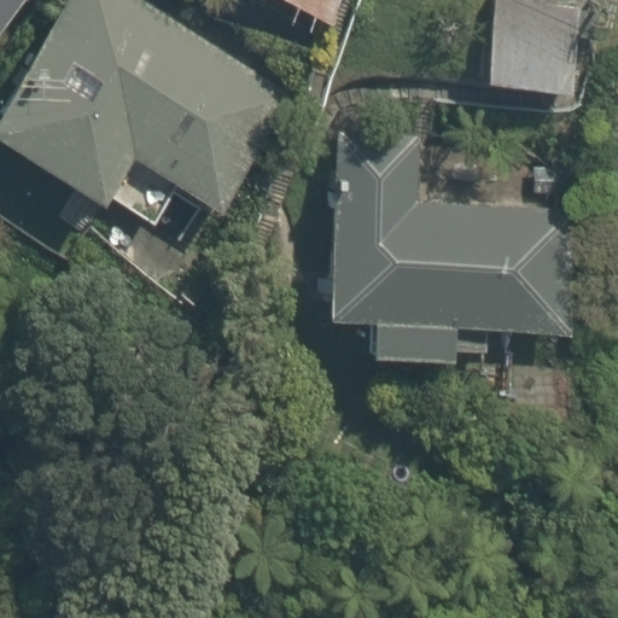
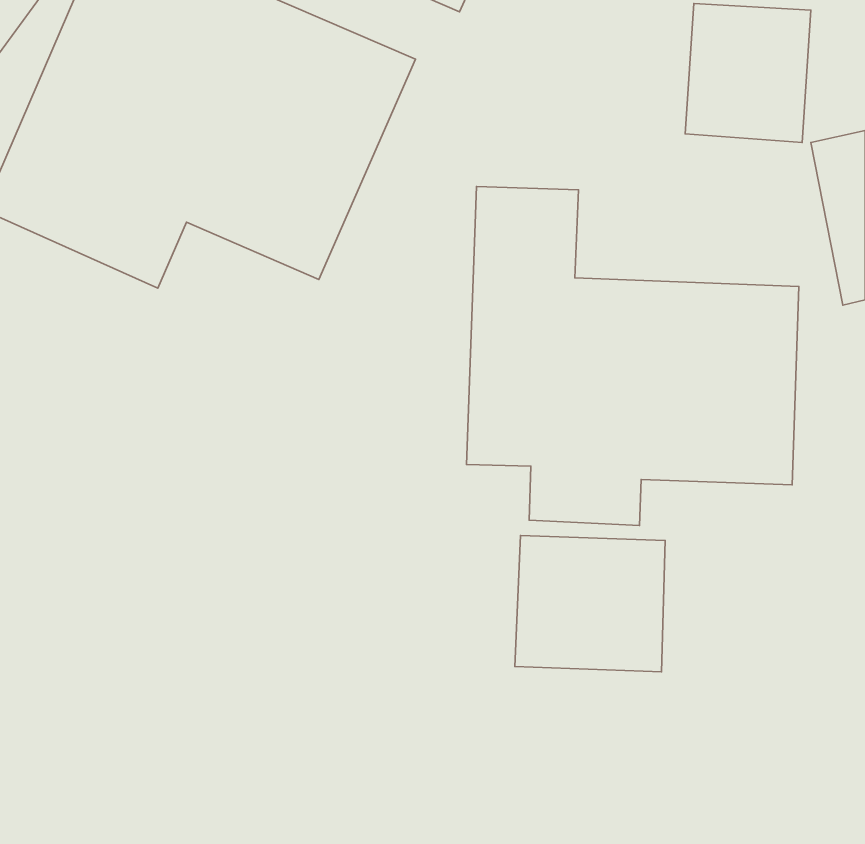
building: none -> [515,535,665,672]

